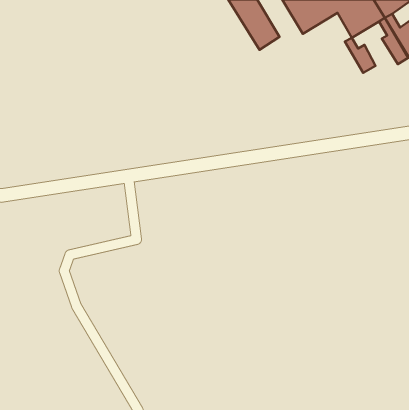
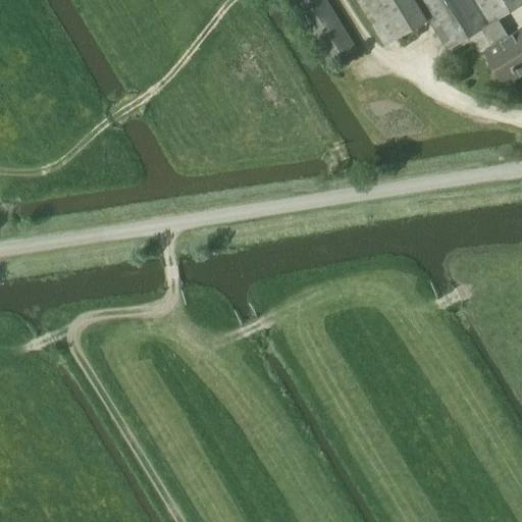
building: [345,38,375,73] -> none

